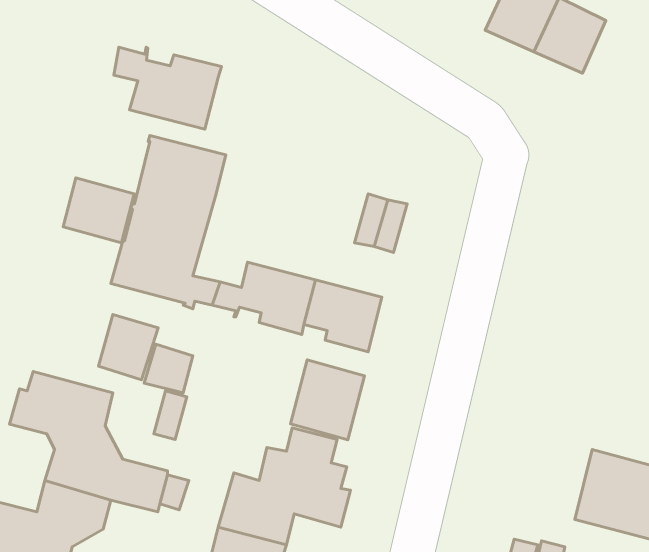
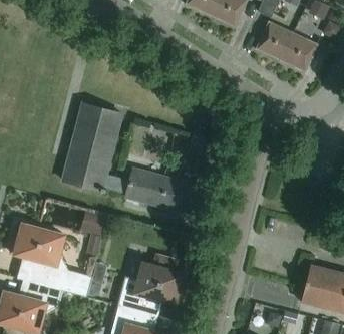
building: [114,47,221,129] -> none
building: [63,178,134,243] -> none
building: [98,314,158,380] -> none
building: [291,360,365,440] -> none

